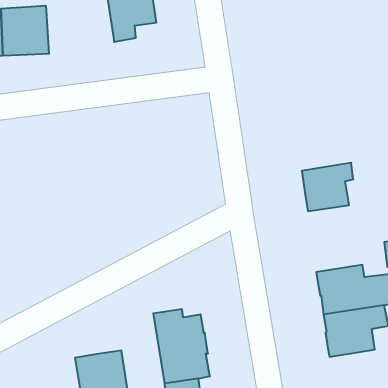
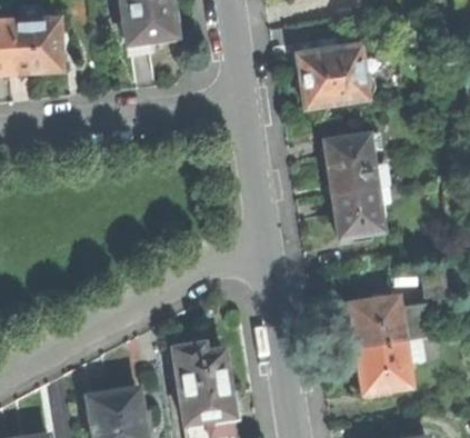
building: none -> [298,41,376,108]
building: none -> [323,132,386,193]

